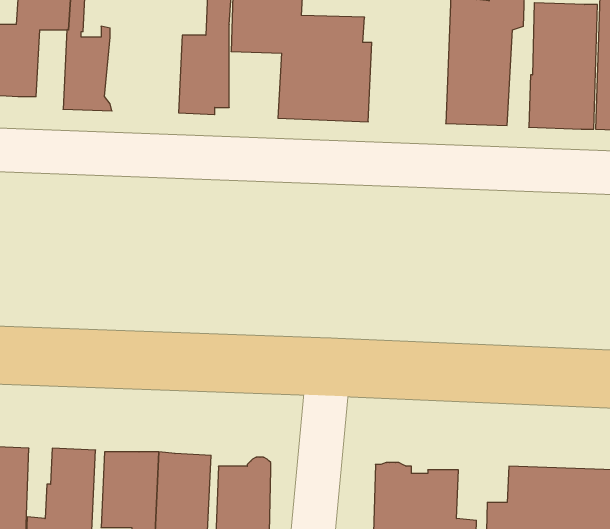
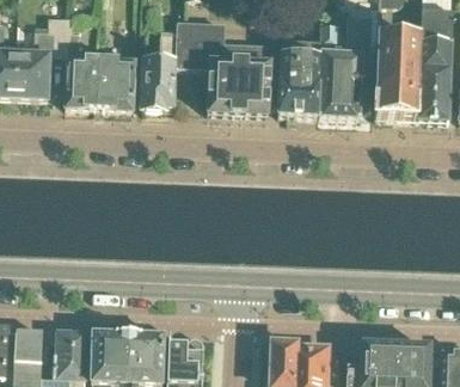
building: none -> [277,39,319,115]
building: none -> [92,57,134,108]

